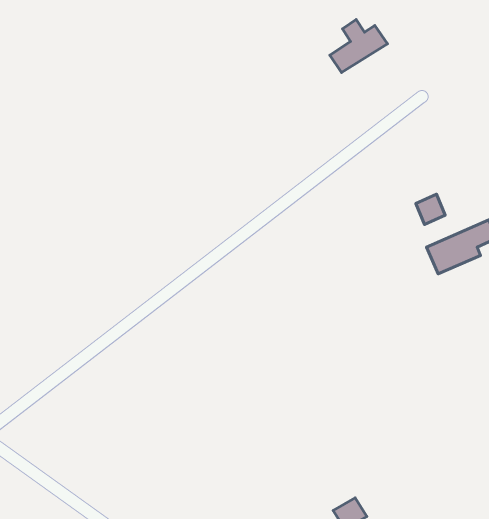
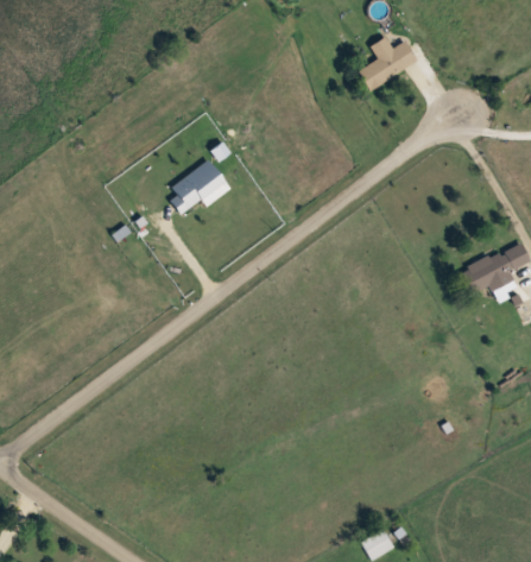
building: none -> [166,160,229,214]
building: [416,194,445,225] -> none

